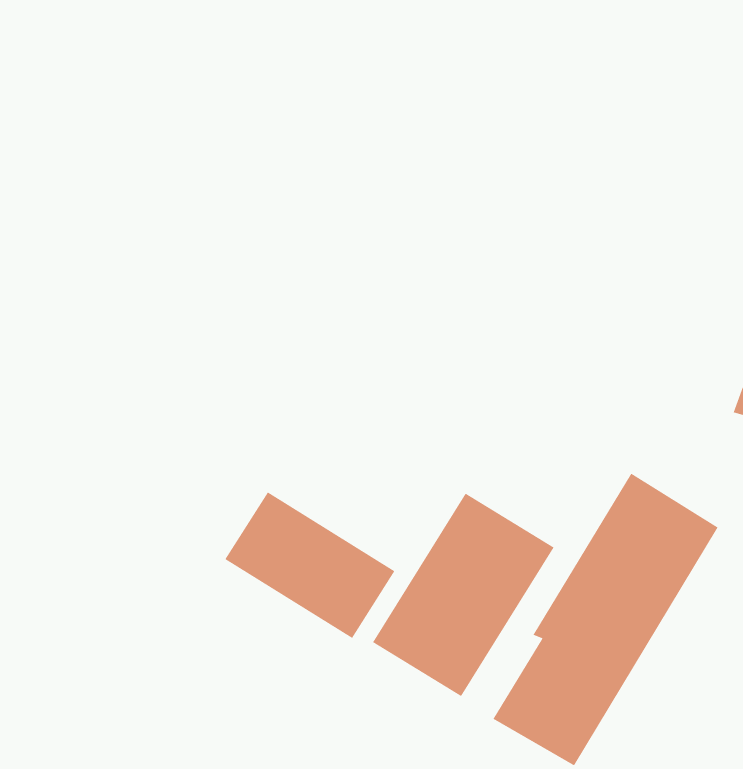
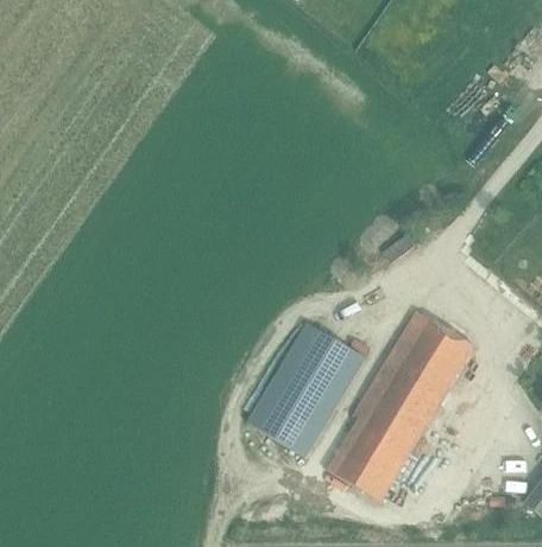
building: [225,491,395,639] -> none

